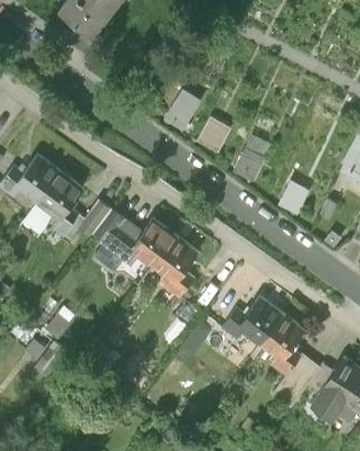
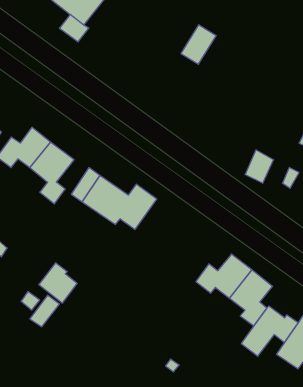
building: [160,89,200,133] -> [181,25,216,64]
building: [194,117,229,155] -> none
building: [230,148,263,183] -> none
building: [153,235,201,298] -> none

